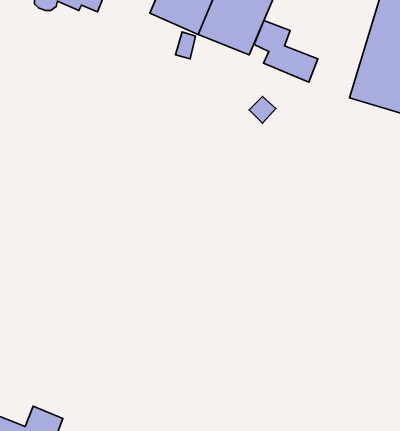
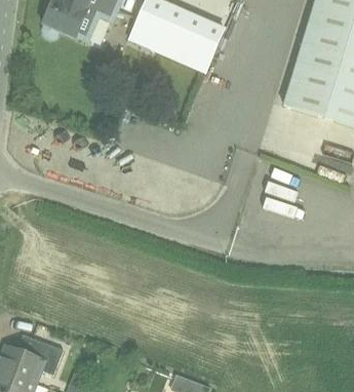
building: [254,21,318,82] -> none

